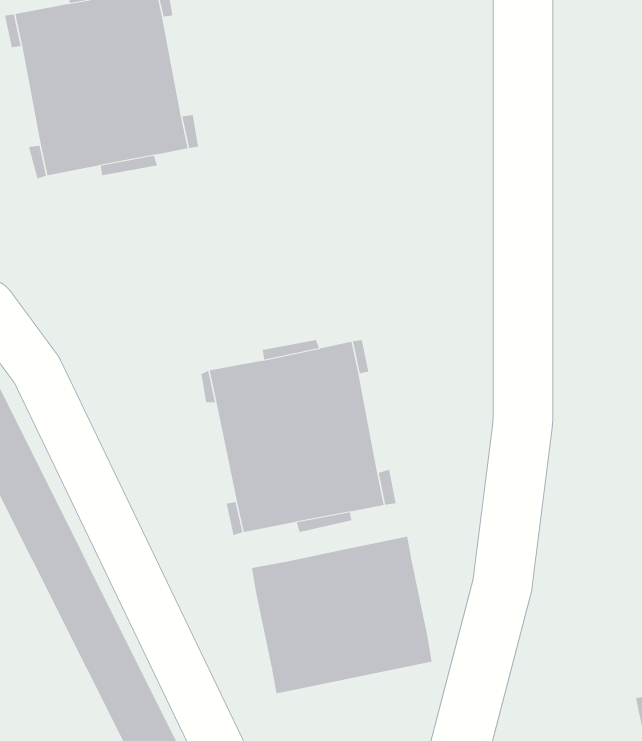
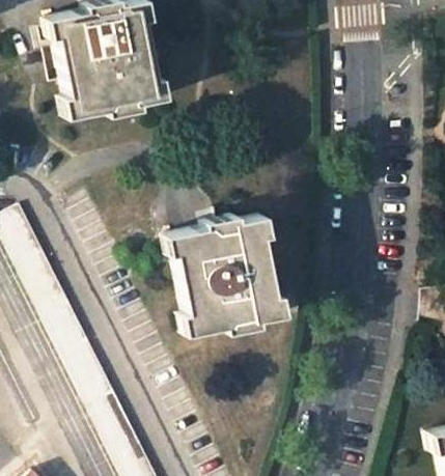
building: [251,536,432,694] -> none

